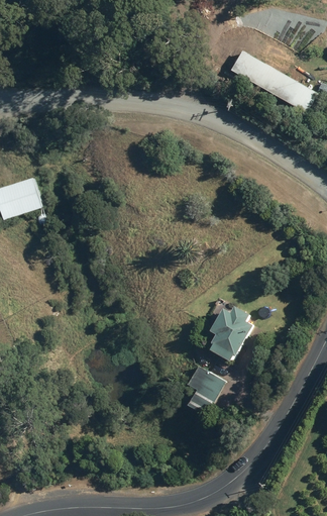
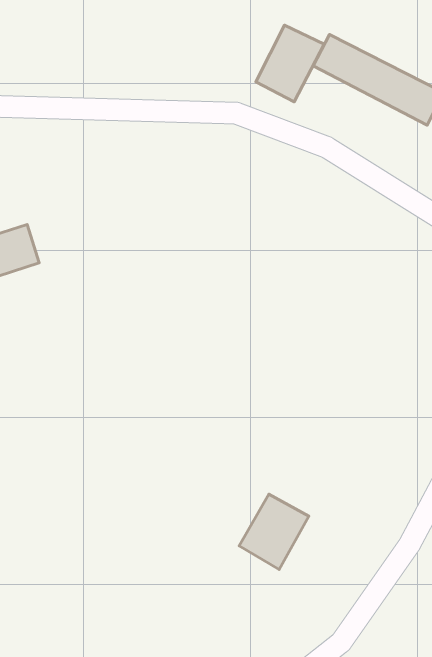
building: none -> [256,25,324,102]
building: [210,306,252,360] -> none

